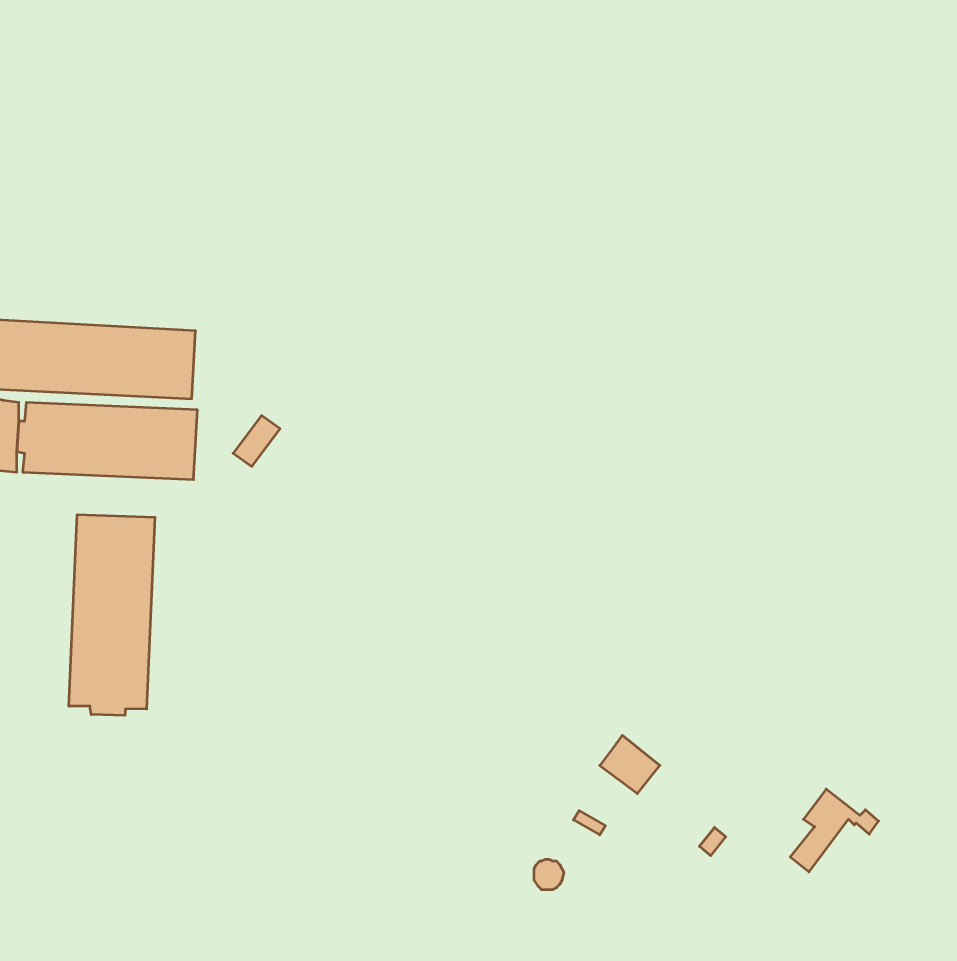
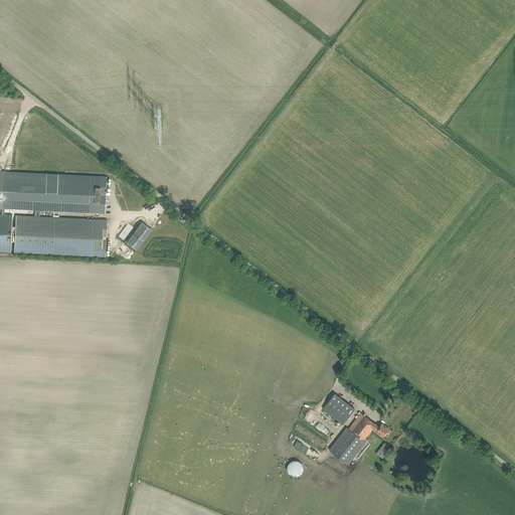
building: [69,515,155,715] -> none
building: [790,789,879,872] -> [340,412,387,457]

